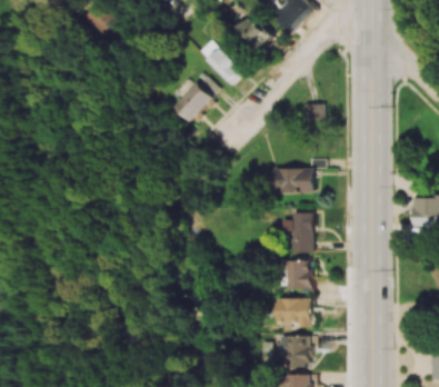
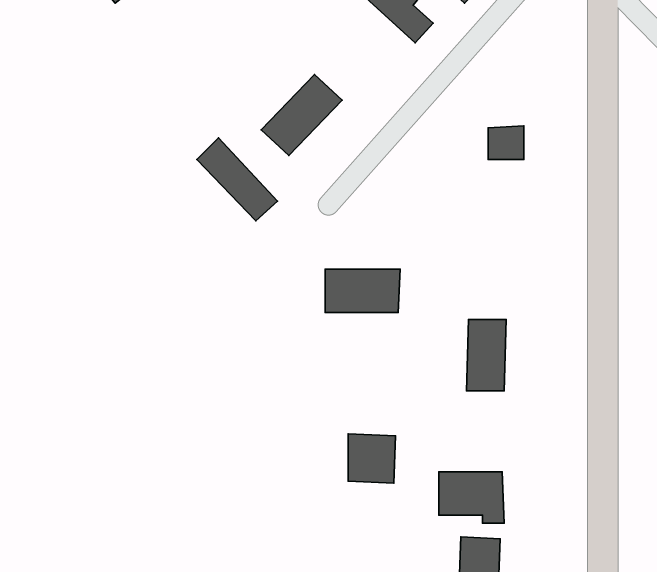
building: [197,38,242,85] -> [197,138,278,221]
building: [271,168,313,192] -> [325,269,400,313]
building: [285,260,311,288] -> [348,434,396,483]

